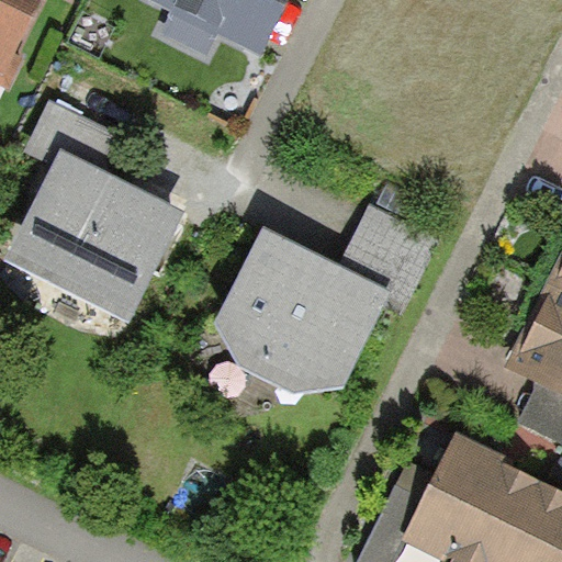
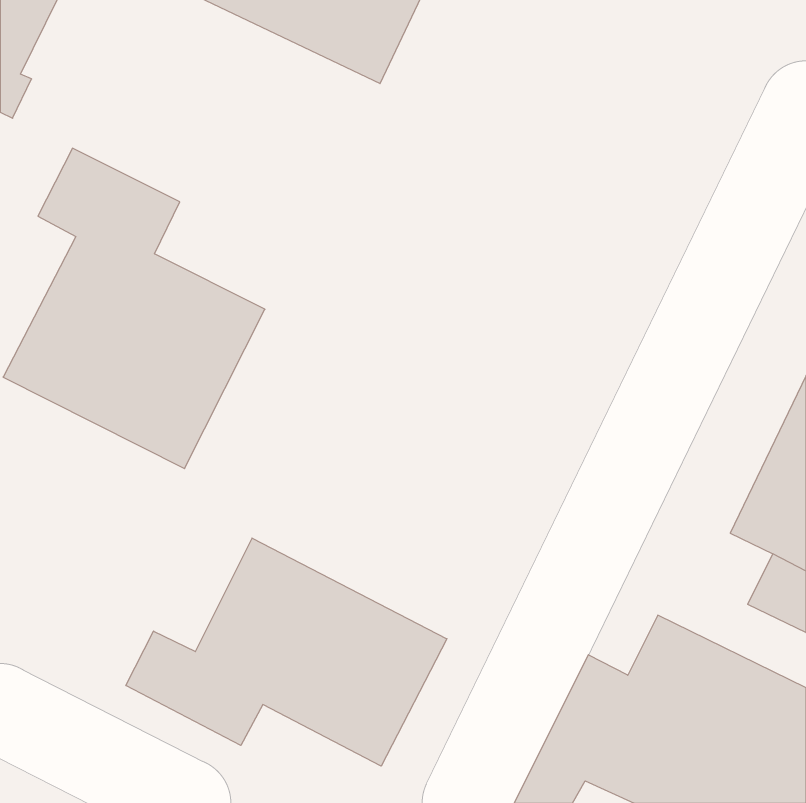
building: [213,204,446,393] -> none
building: none -> [126,538,447,766]

